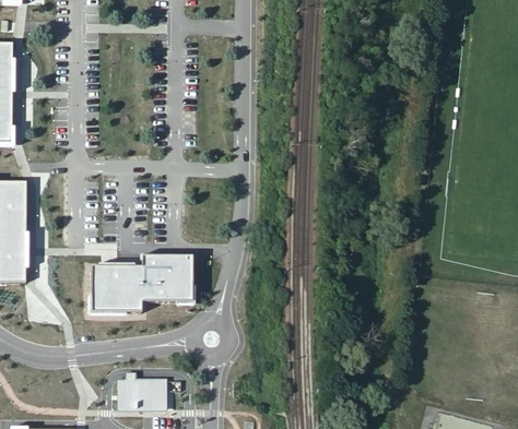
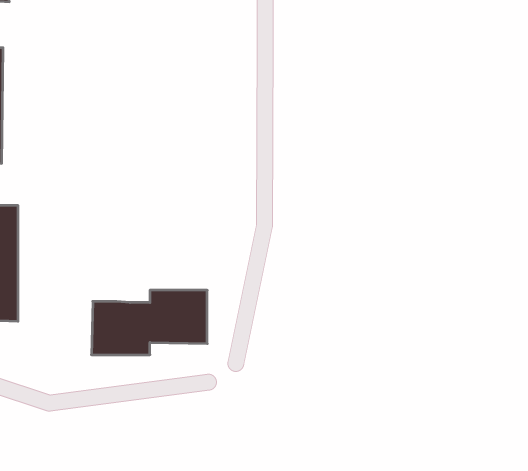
building: [118,376,166,407] -> none

